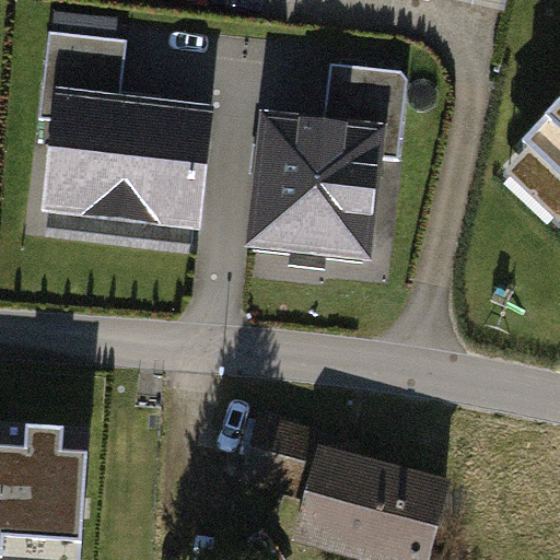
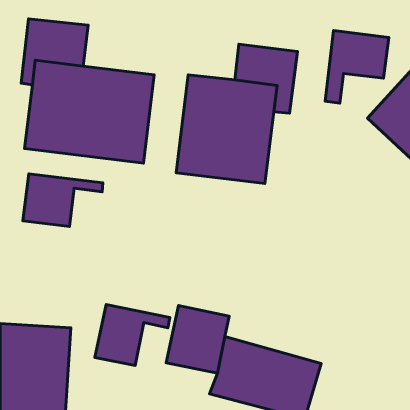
building: none -> [325,31,389,103]
building: none -> [23,174,103,226]
building: none -> [95,304,170,366]

